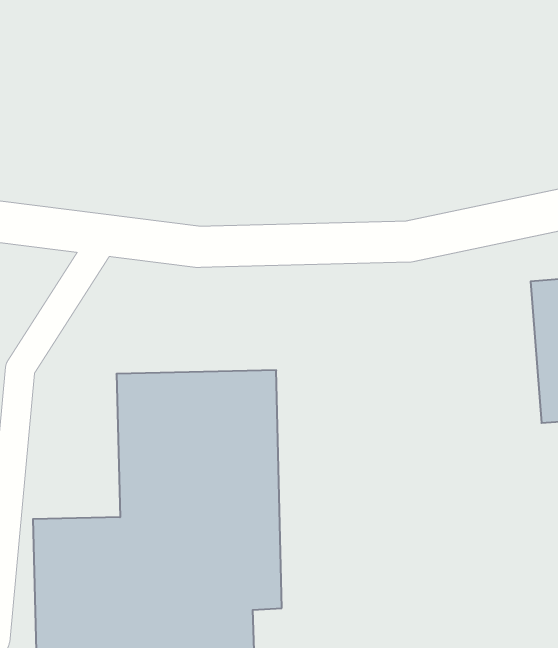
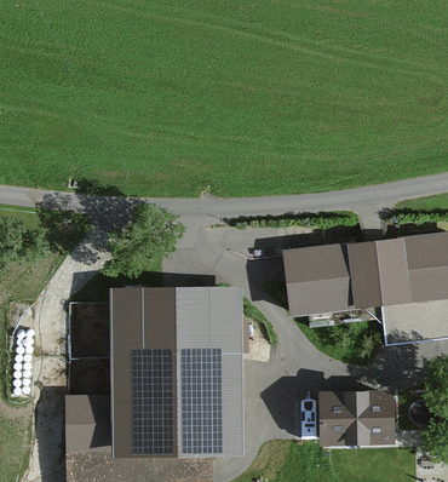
building: none -> [265,240,380,310]
building: none -> [320,390,396,446]

